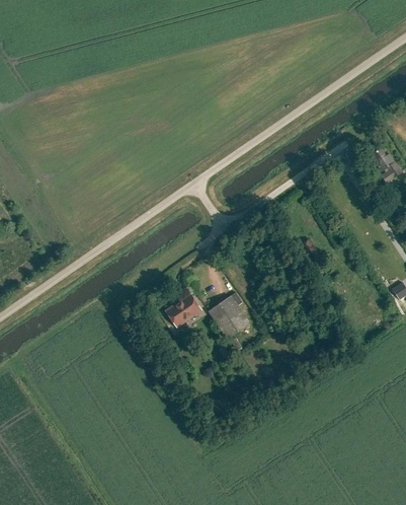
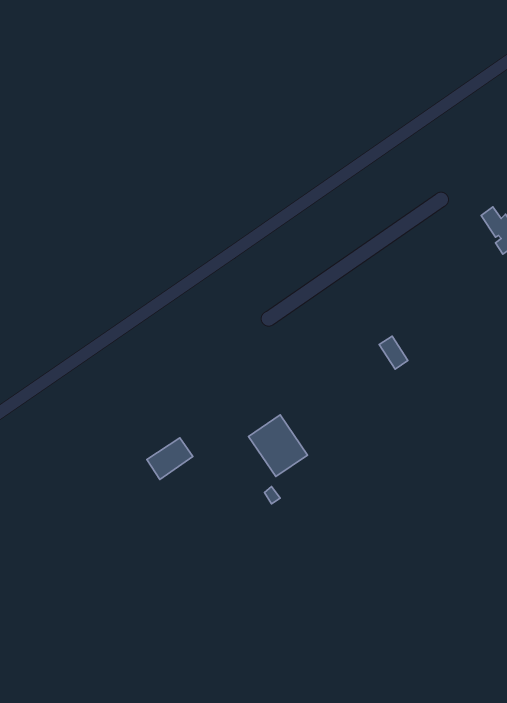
building: [167,296,199,326] -> [147,438,193,480]

